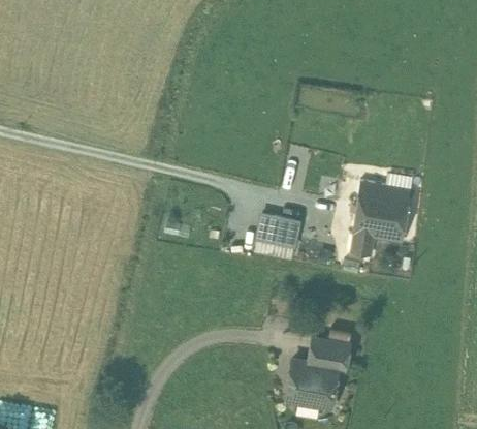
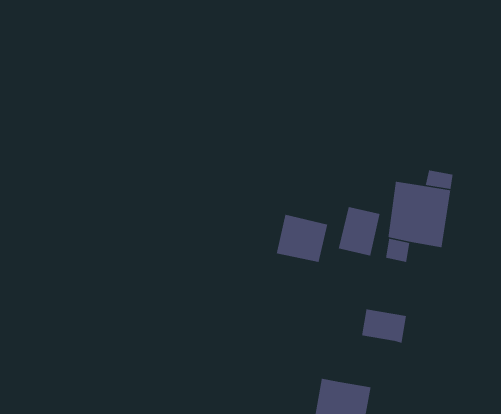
building: none -> [338,206,380,257]
building: [310,338,351,370] -> [361,309,407,344]

